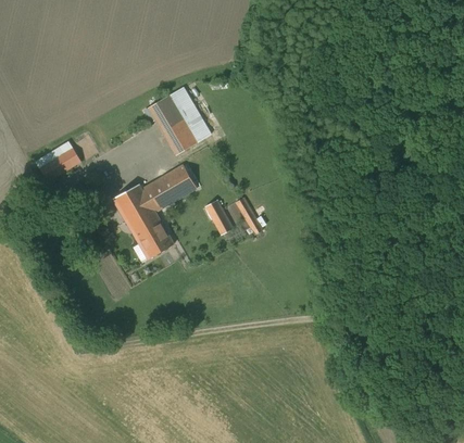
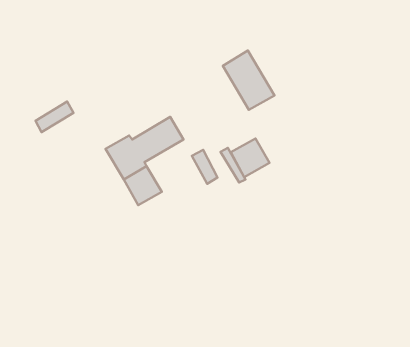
building: [150,90,204,153] -> [223,50,274,110]
building: none -> [231,139,270,177]

